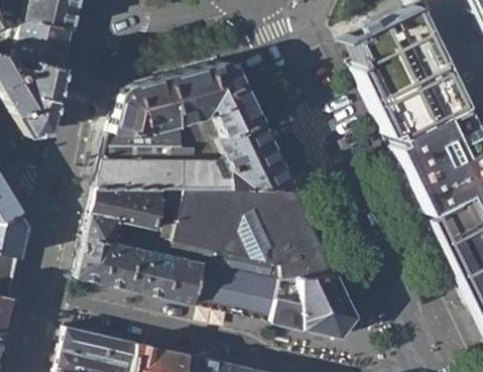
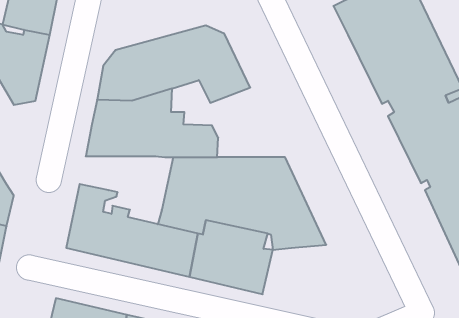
building: [215,120,295,189] -> none
building: [94,188,168,229] -> none
building: [273,274,357,338] -> none

